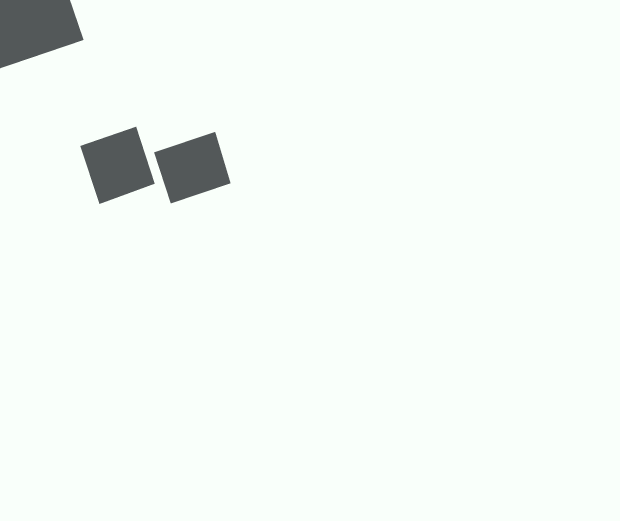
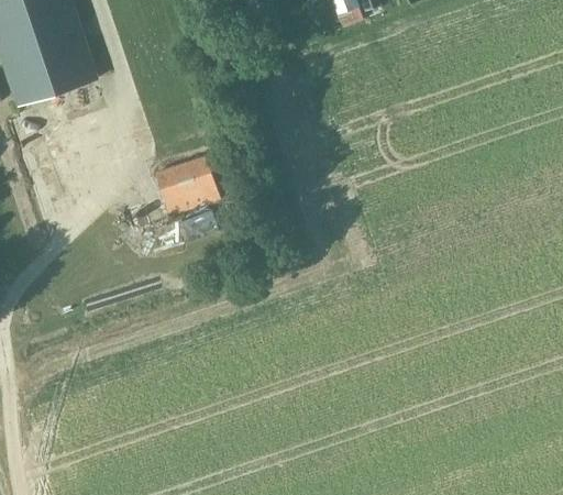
building: [79,126,155,205] -> none

